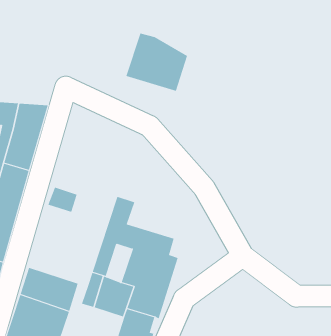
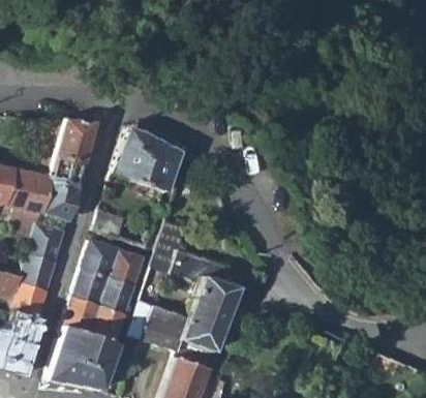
building: [126,33,188,91] -> [111,130,178,193]
building: none -> [71,241,145,316]

